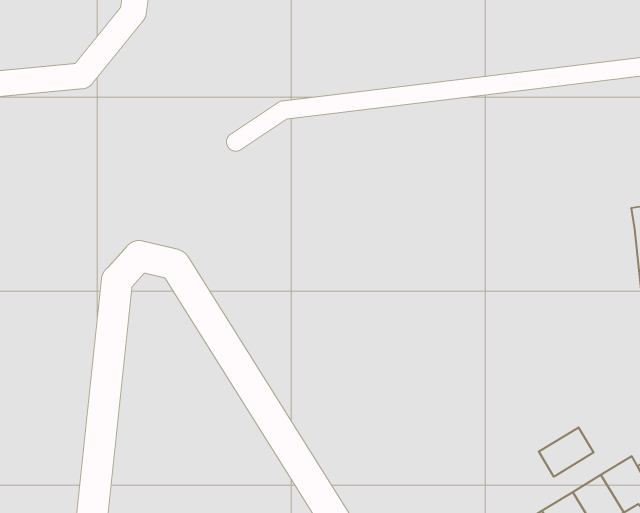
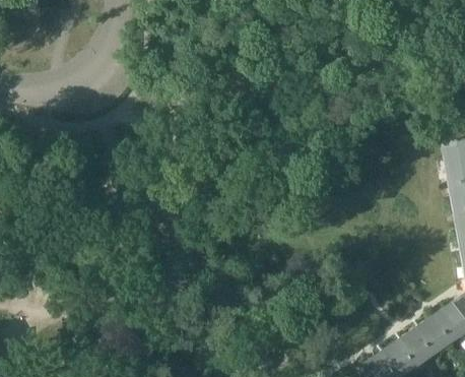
building: [539,427,594,477] -> none

